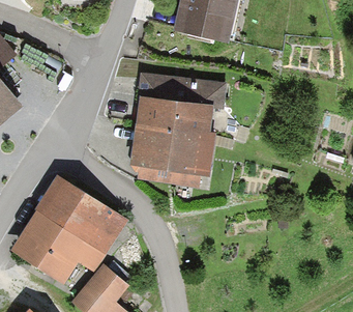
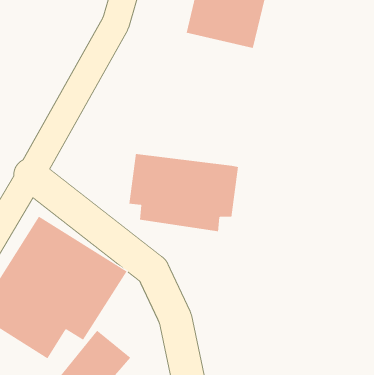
building: [134,70,228,135] -> none

